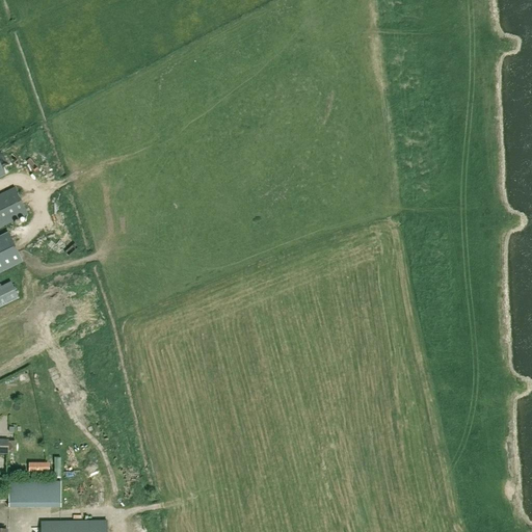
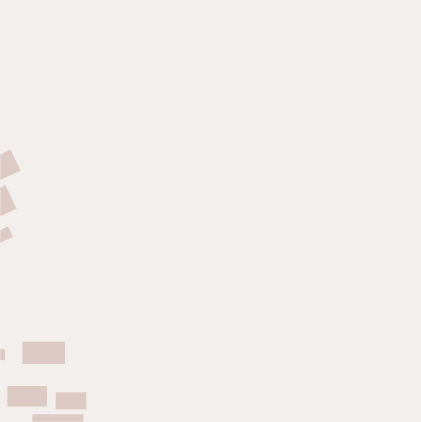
building: none -> [22,341,65,365]
building: none -> [55,391,87,410]

